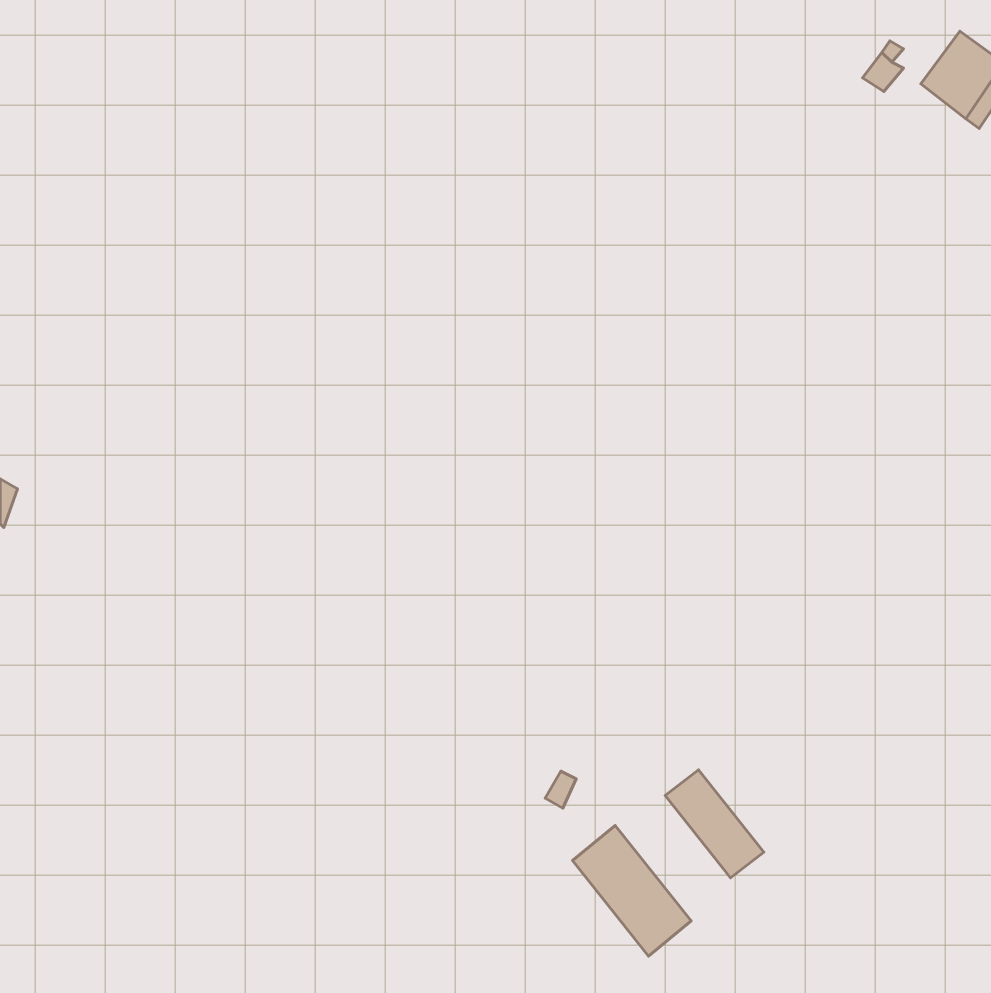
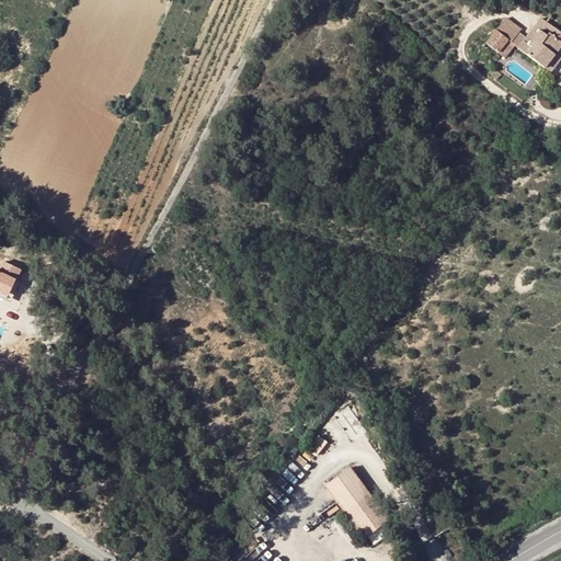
building: [665,770,764,878] -> none

